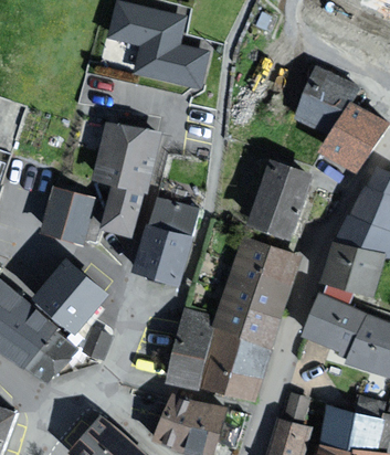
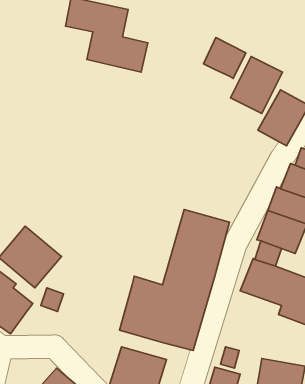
building: none -> [204,37,246,78]
building: [93,121,155,232] -> none
building: [251,162,309,233] -> none
building: [43,189,91,237] -> none
building: [137,199,197,278] -> none

